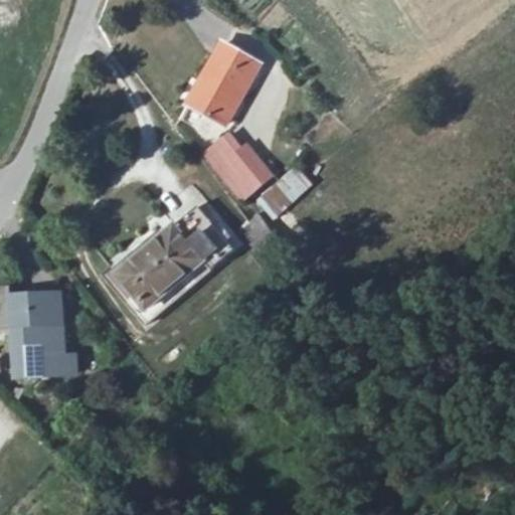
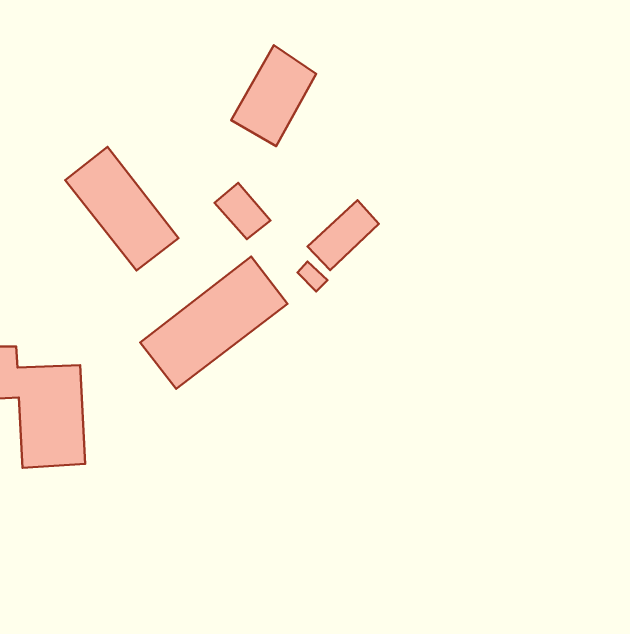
building: none -> [65,147,178,271]
building: [216,148,262,193] -> [214,183,271,239]

